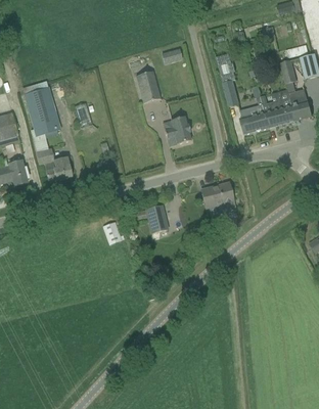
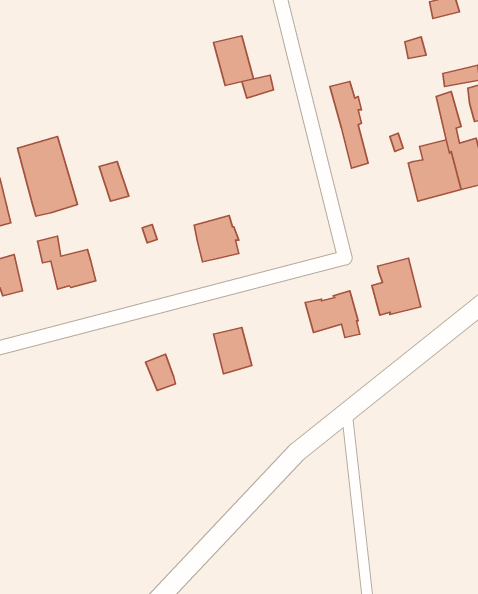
building: [135,72,160,102] -> [214,36,253,86]
building: [239,103,270,134] -> none
building: [163,117,190,145] -> [194,215,239,262]
building: none -> [372,258,421,315]

